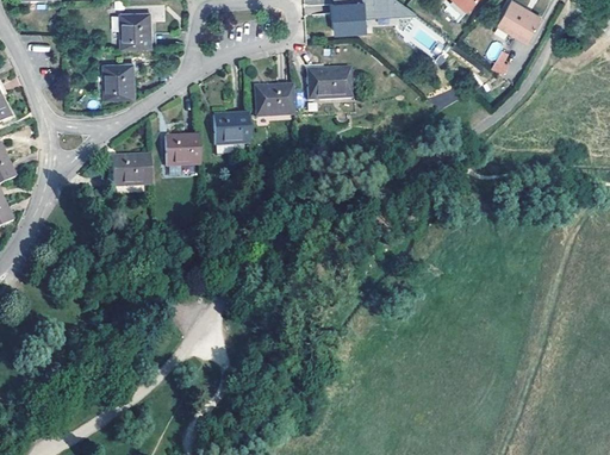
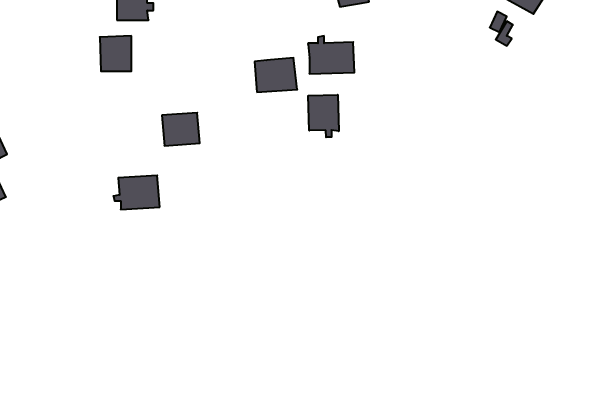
building: [213,114,249,157] -> none
building: none -> [308,95,339,137]
building: [105,155,150,188] -> [113,175,160,209]

